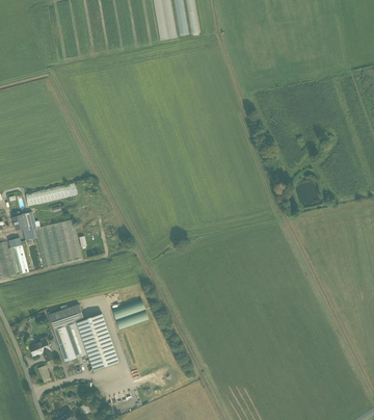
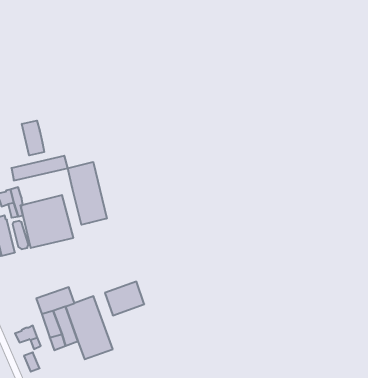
building: none -> [22,121,44,155]
building: none -> [68,162,107,225]

